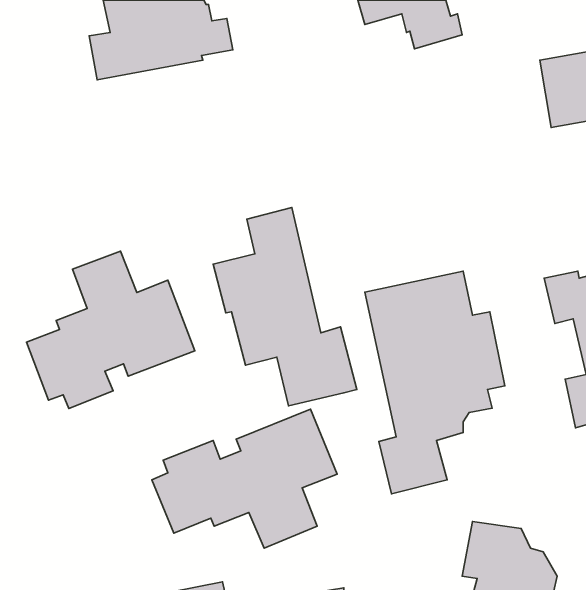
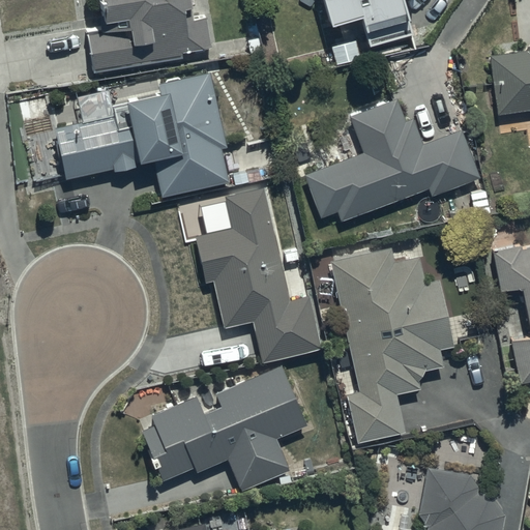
building: none -> [51,73,230,197]
building: none -> [303,96,477,222]
building: [26,251,195,408] -> none

